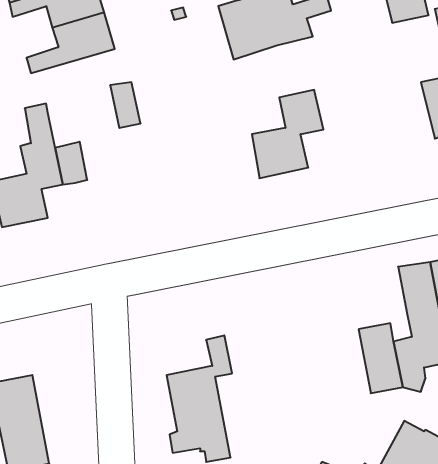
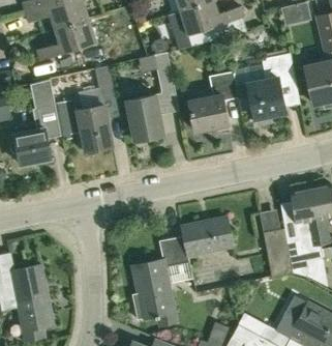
building: none -> [126,53,178,141]
building: none -> [232,54,295,125]
building: none -> [78,106,113,151]
building: none -> [171,218,232,264]

